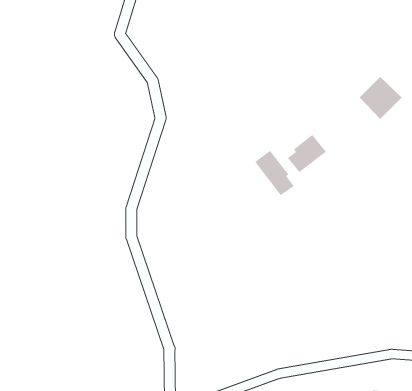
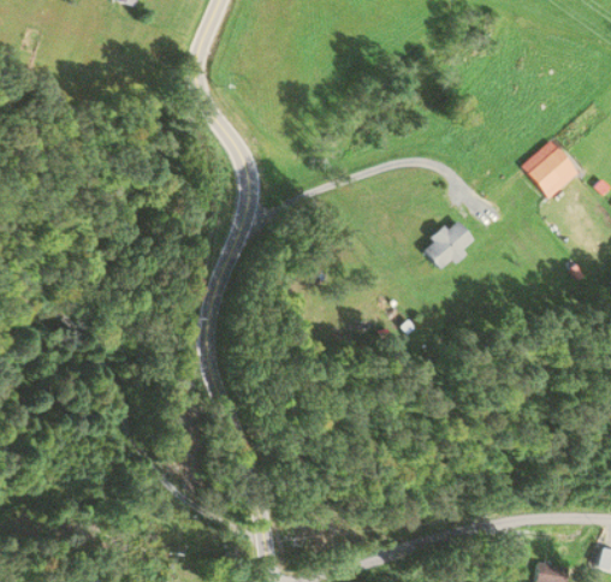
building: [254,150,295,196] -> none

